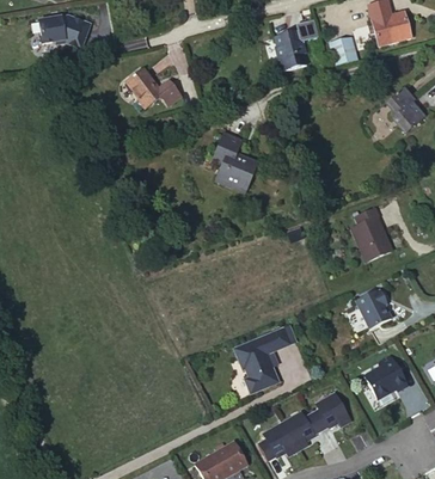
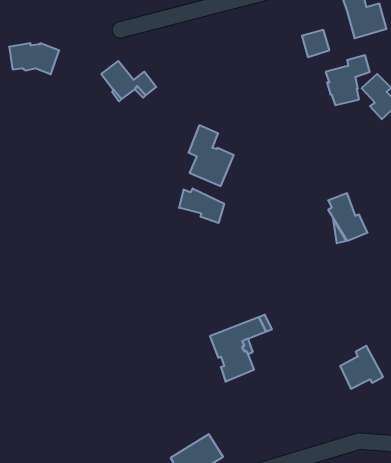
building: [39,16,90,47] -> [9,43,59,74]
building: [275,17,319,67] -> [326,55,370,105]
building: none -> [179,188,224,223]
building: [355,289,391,330] -> none
building: [261,395,353,462] -> none

